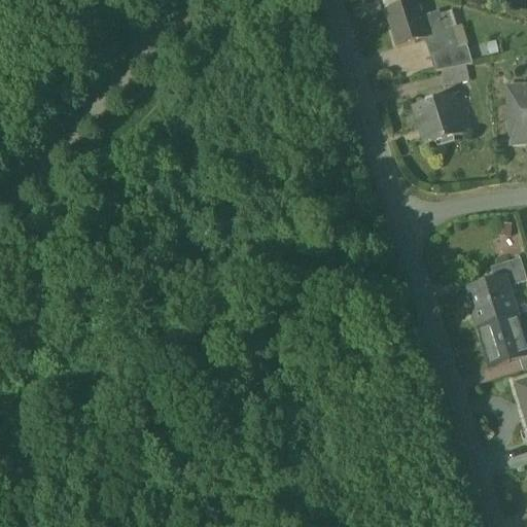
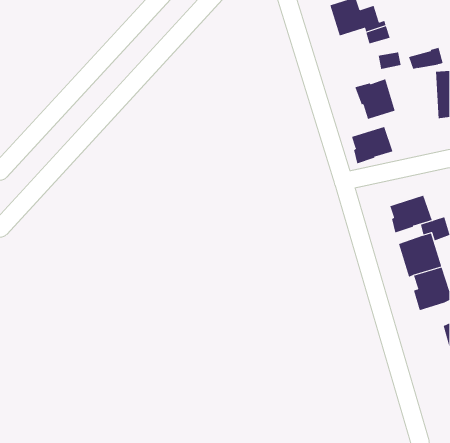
building: [431,40,472,66] -> [408,47,443,69]
building: none -> [348,126,393,164]
building: none -> [386,195,432,234]

